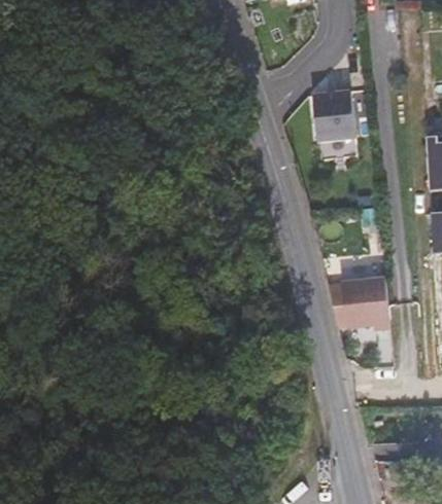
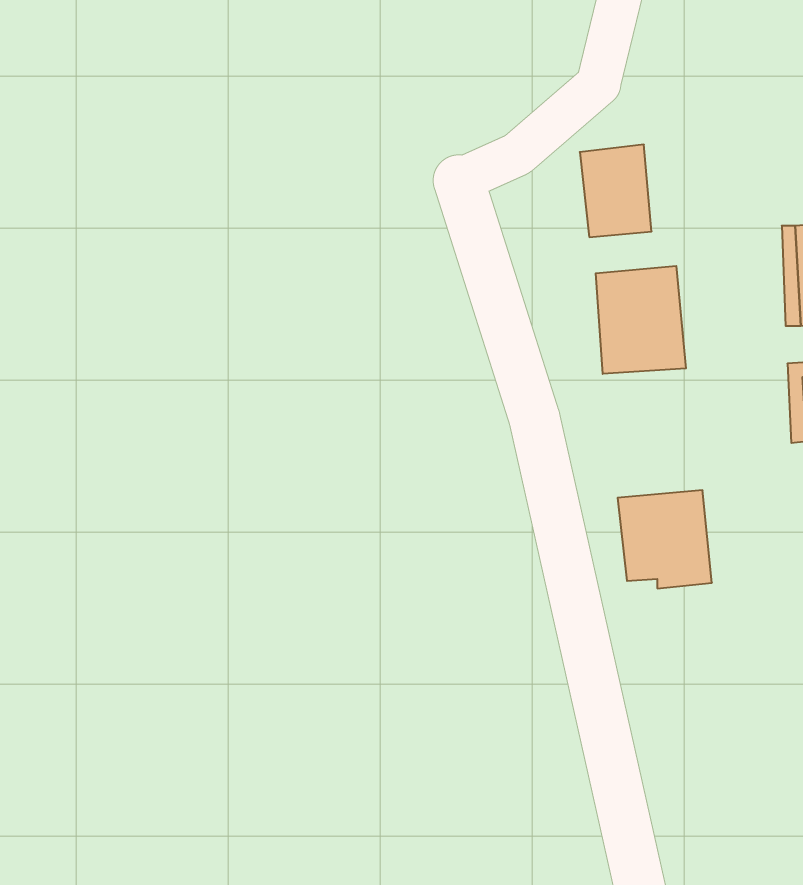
building: none -> [596,266,686,374]

